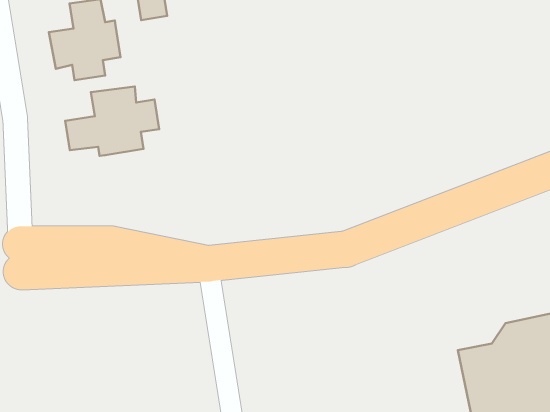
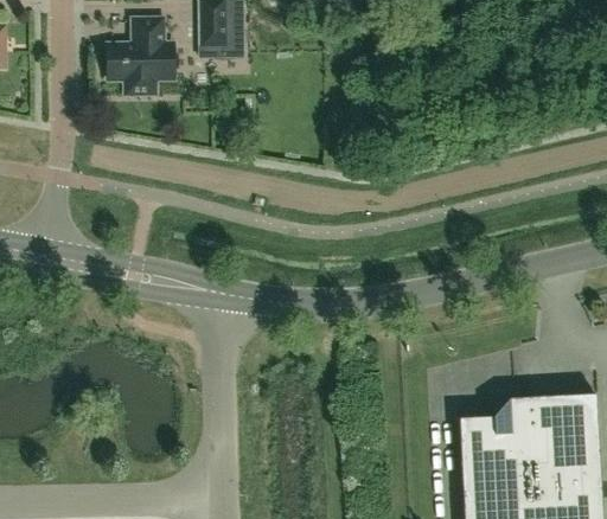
building: [65,86,159,156] -> none

